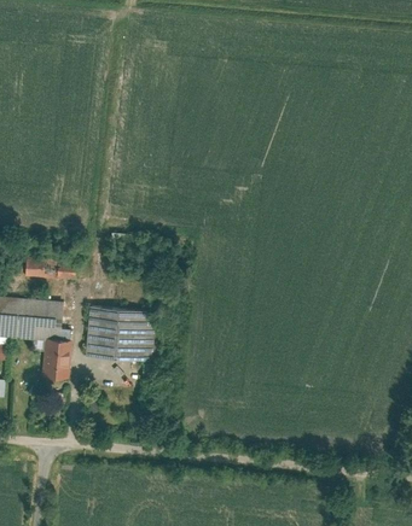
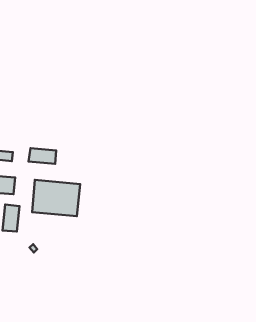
building: none -> [29,148,56,164]

